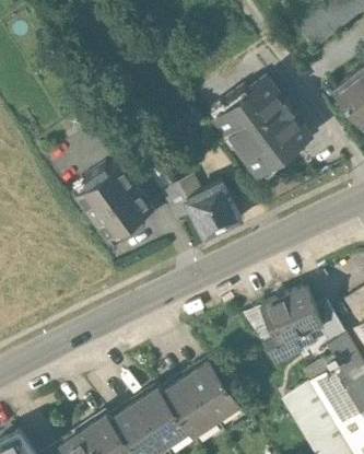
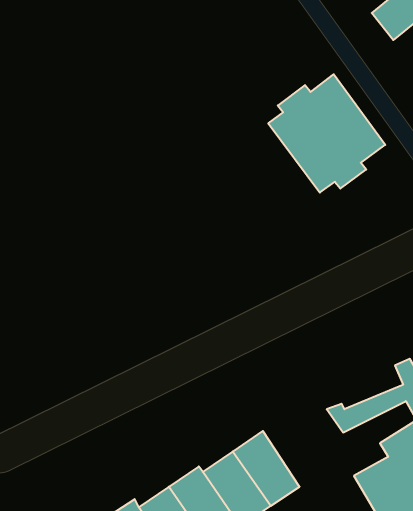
building: [78,164,154,241] -> none
building: [163,184,240,237] -> none
building: [260,289,324,346] -> none

